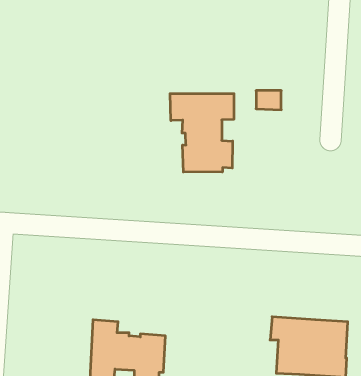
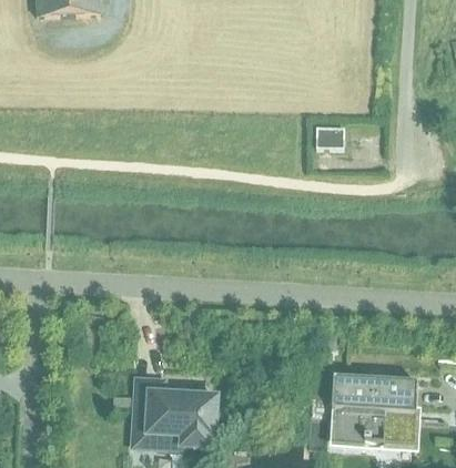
building: [170,94,234,172] -> none

